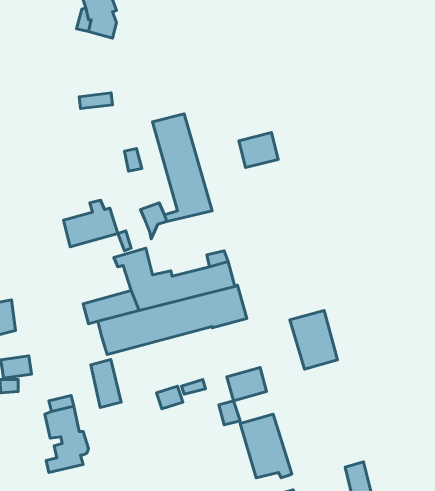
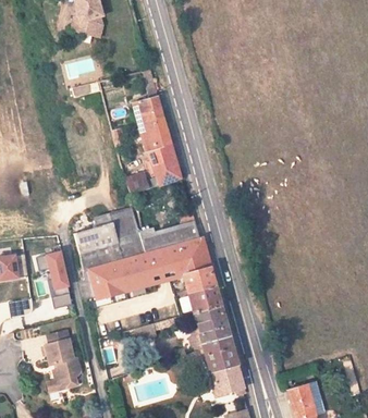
building: [239,133,278,168] -> none
building: [63,200,118,247] -> [70,219,114,257]
building: [290,311,338,369] -> [181,269,220,317]
building: [91,360,121,407] -> [46,254,71,293]
building: none -> [198,329,231,355]

